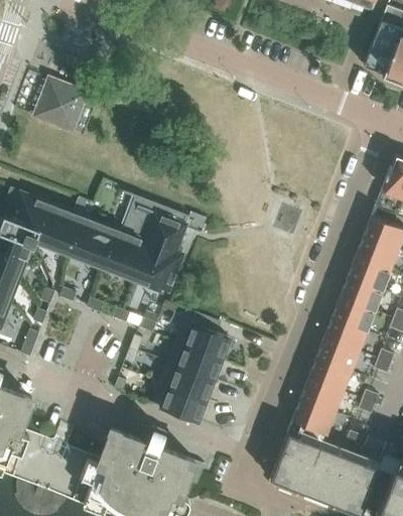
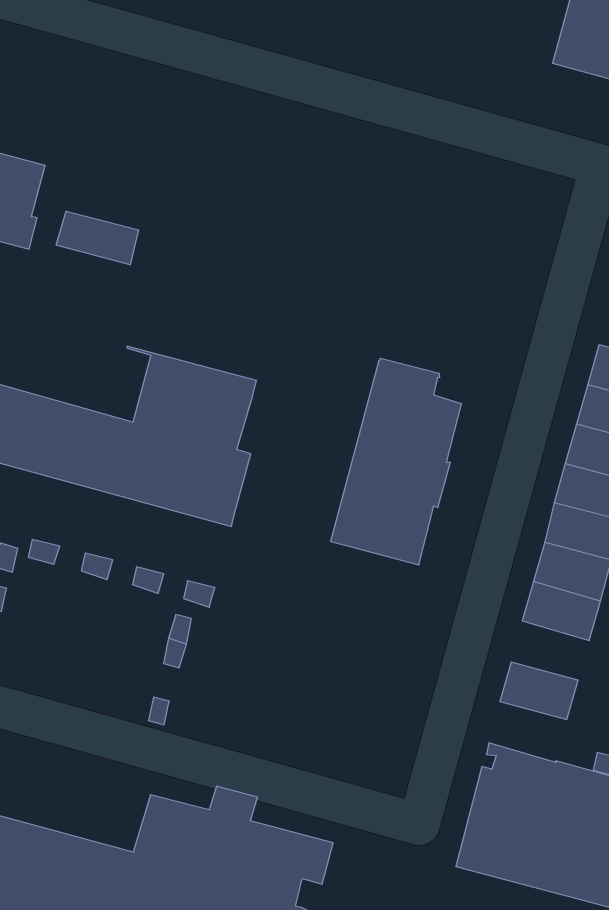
building: none -> [56,211,139,265]
building: [153,310,230,421] -> [331,359,462,565]
building: [309,358,352,392] -> none
building: [293,399,335,434] -> none

